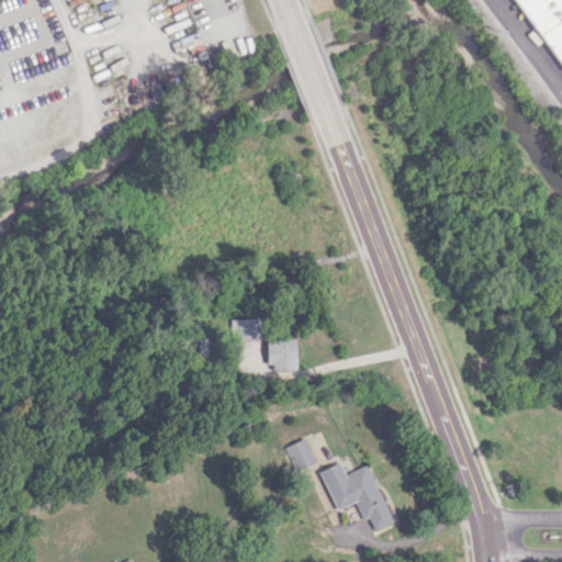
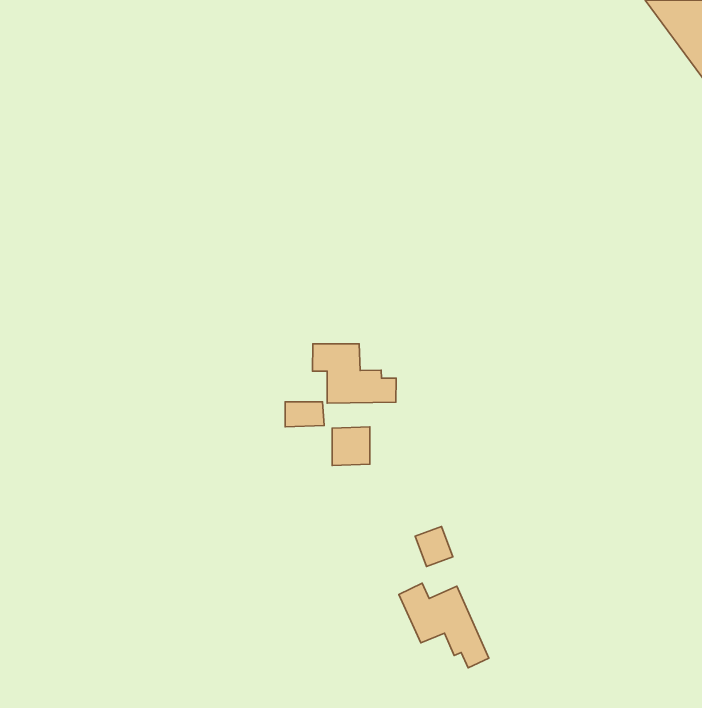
building: none -> [313,344,396,403]
building: [285,438,315,470] -> [415,526,453,567]

